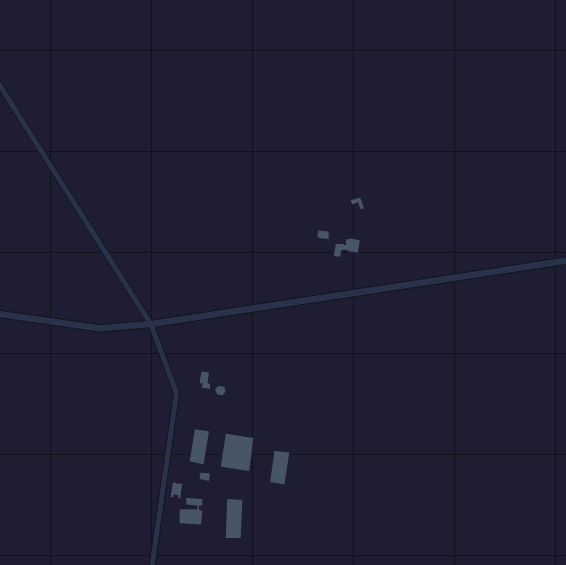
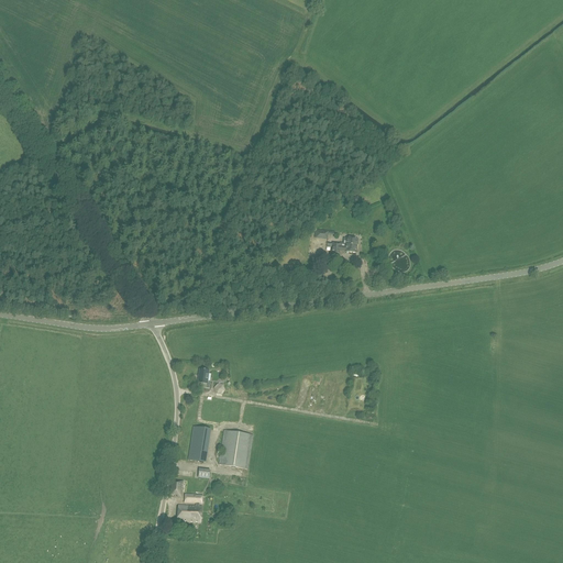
building: [269,450,290,485] -> none
building: [225,498,243,539] -> none

